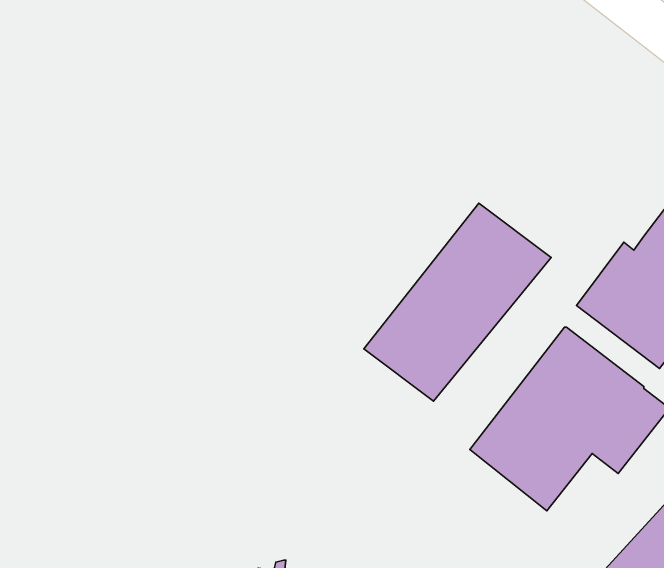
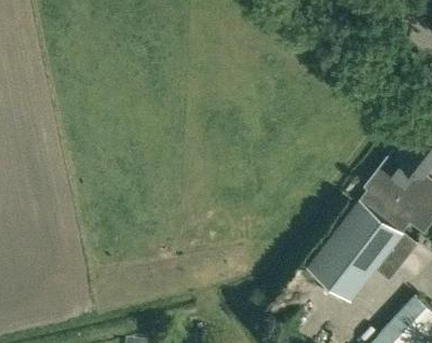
building: [364,203,551,401] -> none

